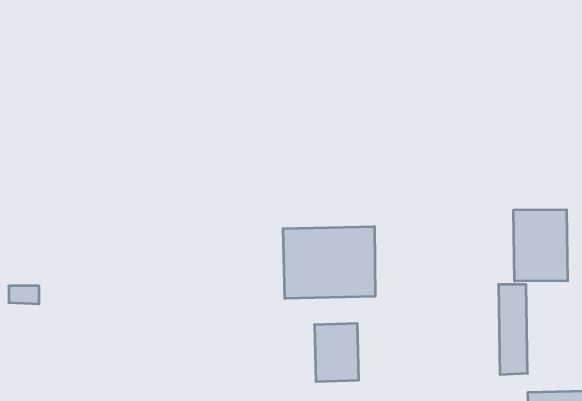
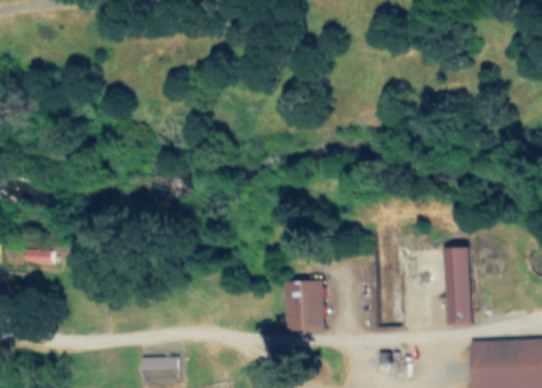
building: [514,210,568,281] -> none
building: [283,226,375,299] -> none

